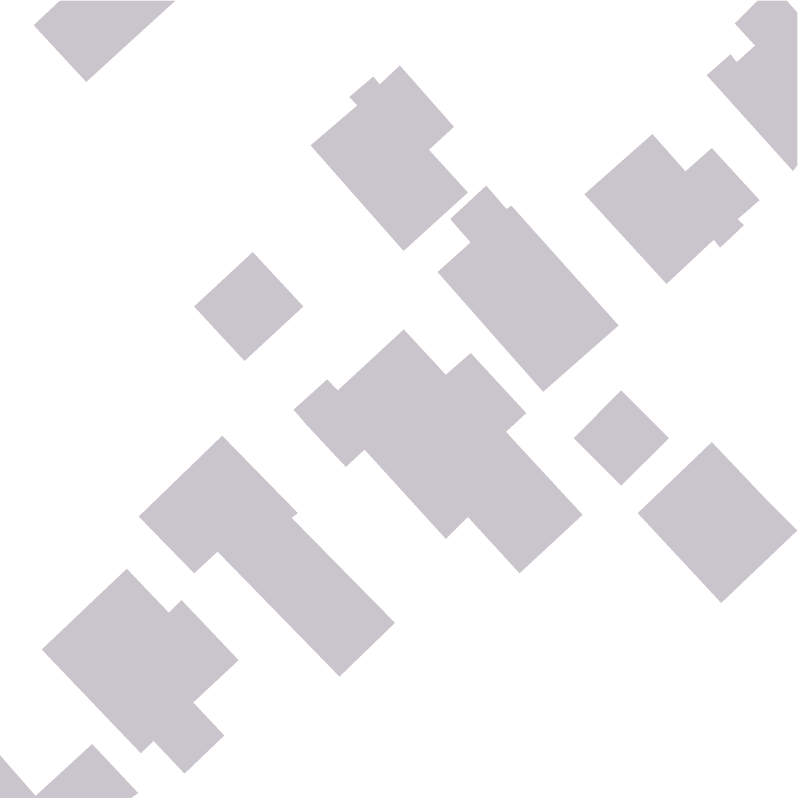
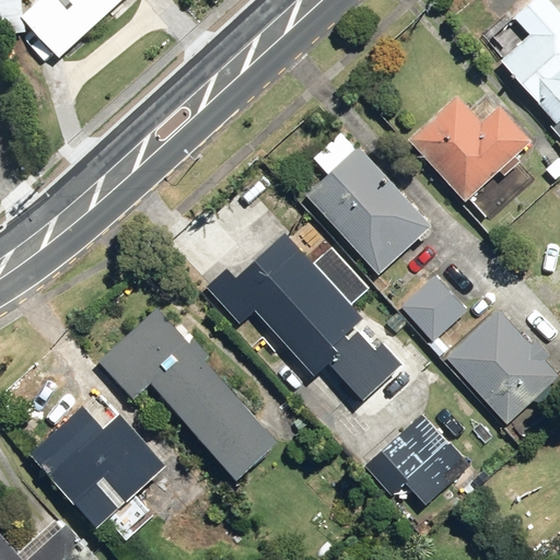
building: [310,64,469,252] -> none
building: [193,251,304,362] -> none
building: none -> [368,420,458,506]

